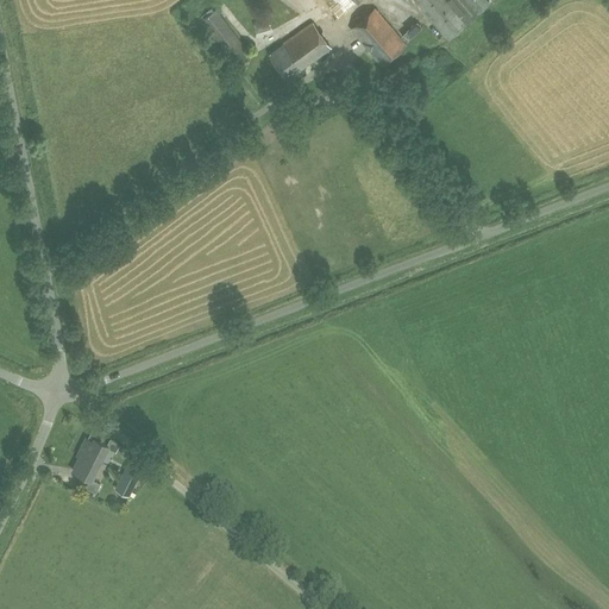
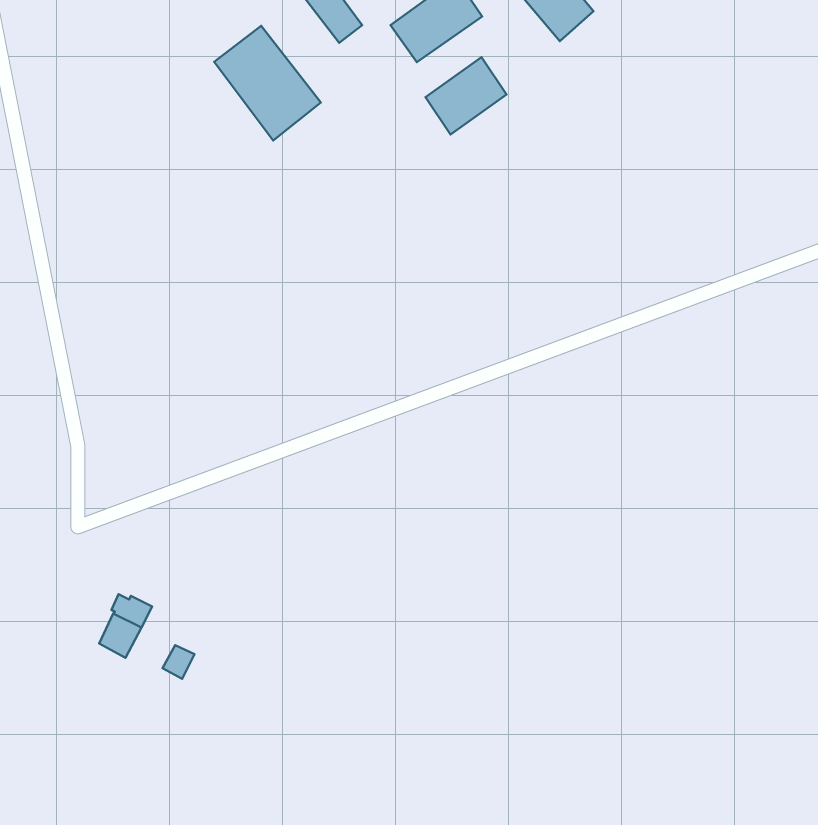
building: none -> [214,26,321,140]
building: none -> [425,57,506,134]

